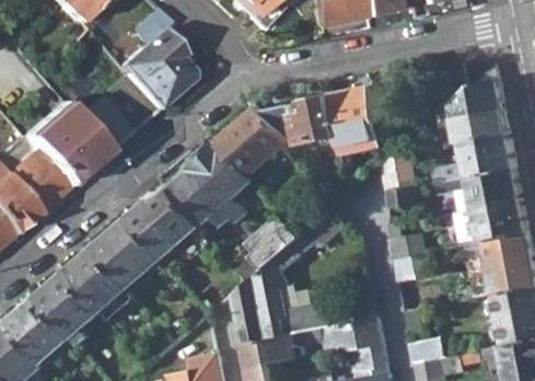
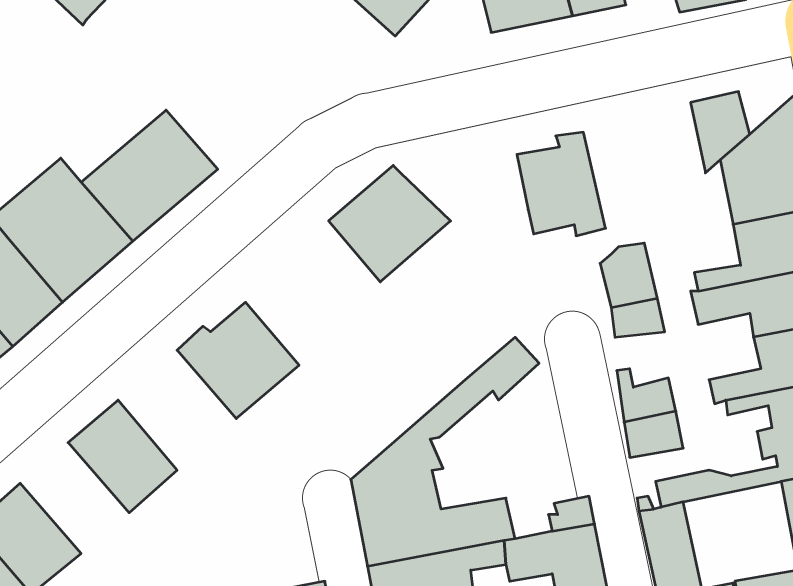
building: [114,30,187,109] -> none
building: [259,95,335,145] -> none
building: [167,140,252,226] -> none
building: [237,215,298,279] -> none
building: [92,217,162,288] -> none
building: [34,272,98,337] -> none

